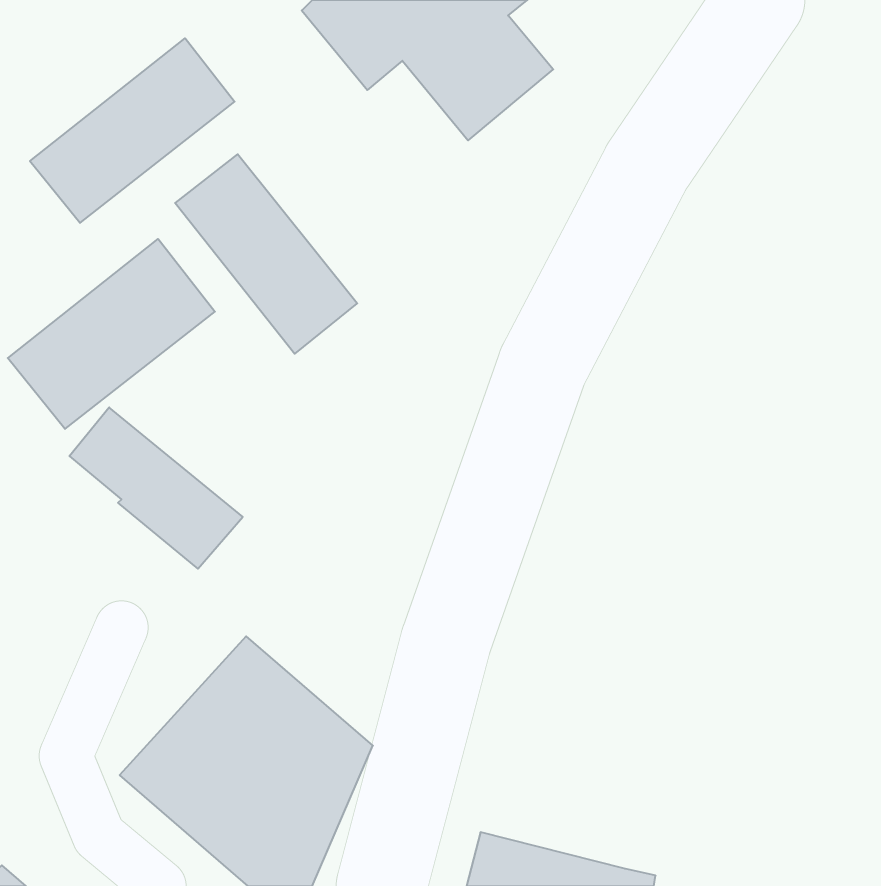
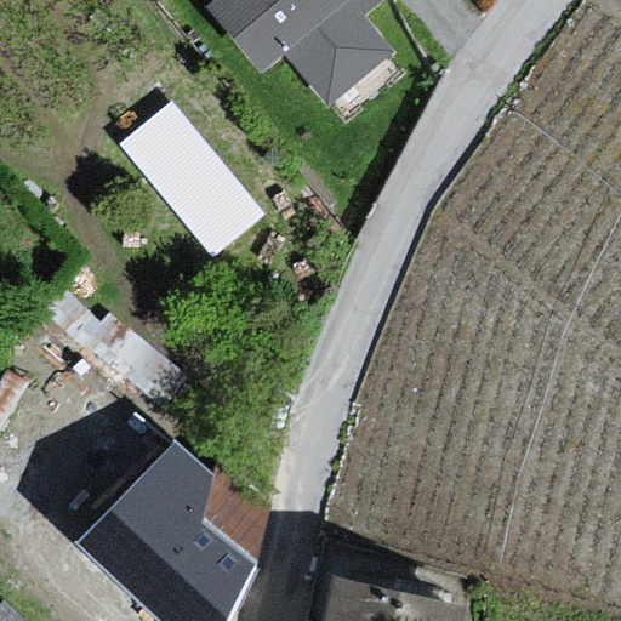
building: [30,38,235,223] -> none
building: [8,239,215,429] -> none

